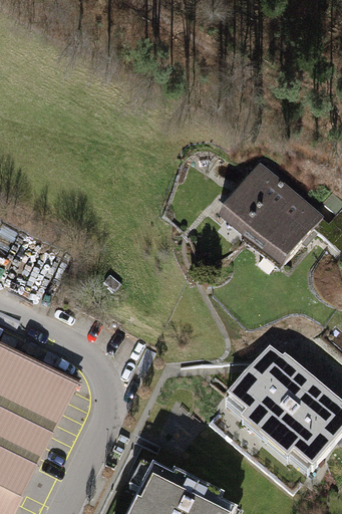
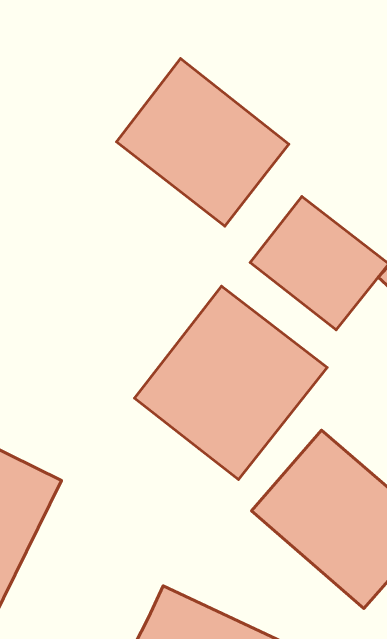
building: none -> [117,59,289,226]
building: none -> [134,286,327,480]

